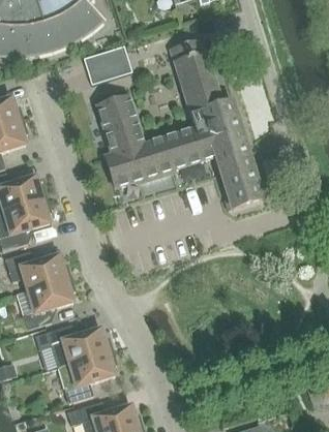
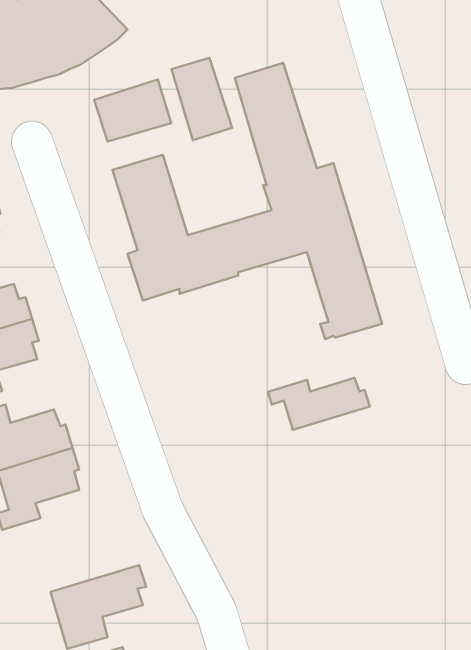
building: none -> [171,58,232,140]
building: none -> [268,378,370,430]
building: [48,322,113,366] -> none

